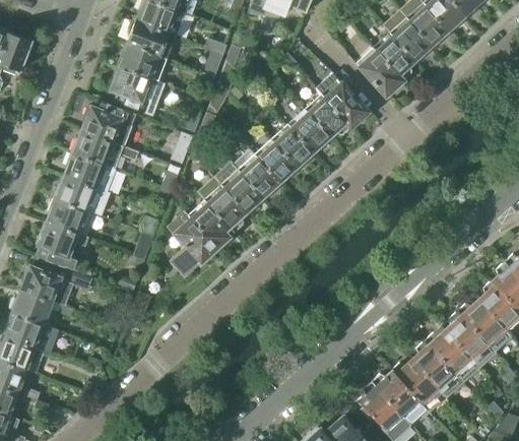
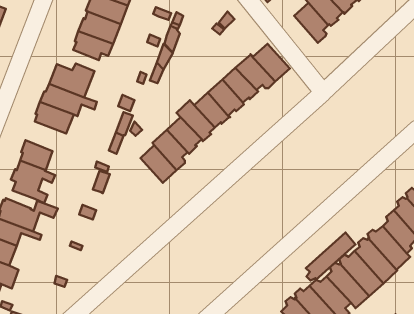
building: [360,48,402,96] -> none
building: [54,174,103,209] -> none
building: [171,217,217,276] -> none
building: none -> [306,233,355,280]

